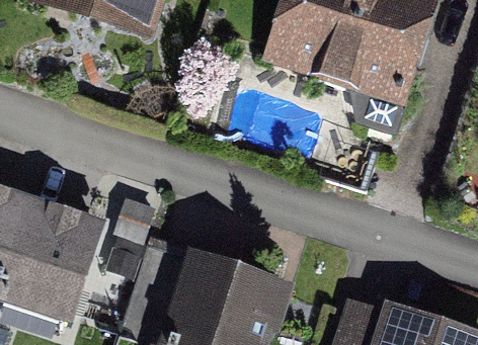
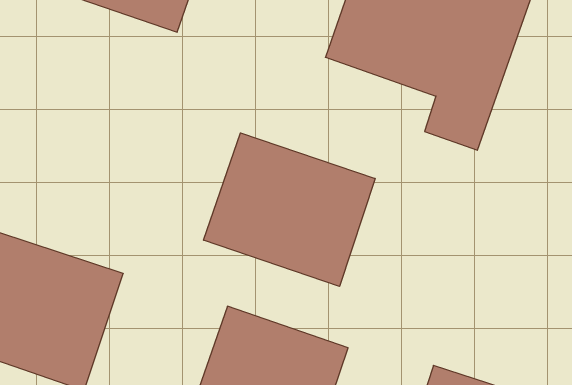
building: none -> [204,133,375,286]

